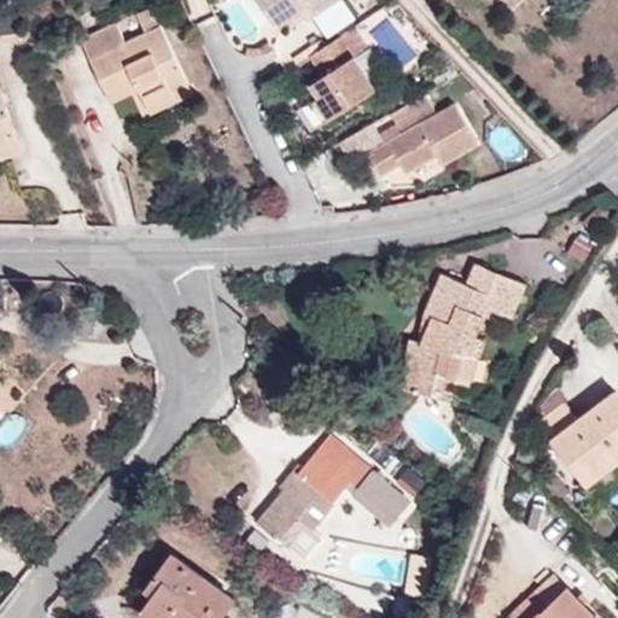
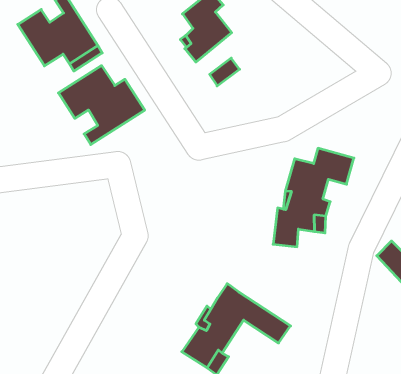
building: [369,107,477,176] -> none
building: none -> [58,66,145,145]

